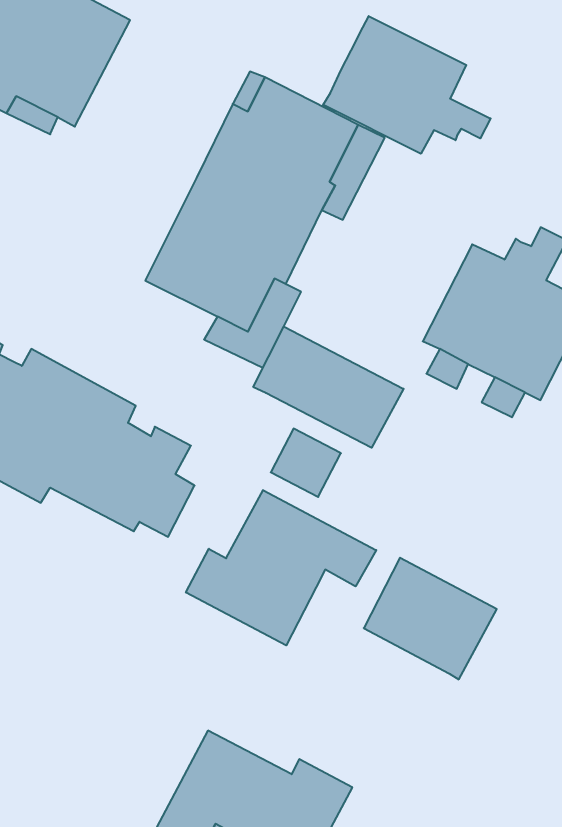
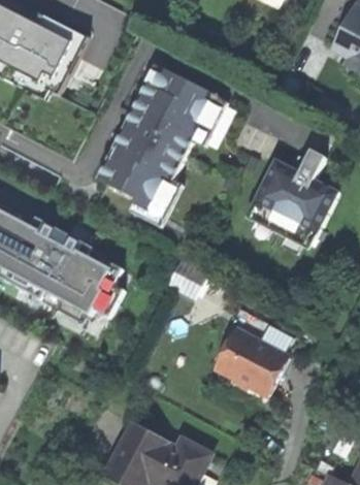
building: [323,16,491,154] -> none
building: [253,327,404,448] -> none
building: [186,490,376,645] -> none

